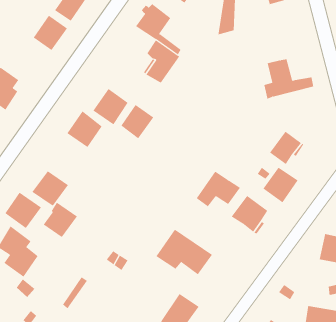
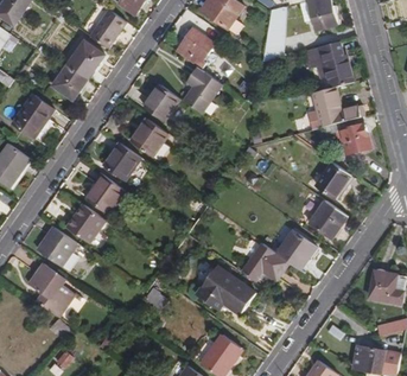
building: none -> [303,42,352,88]
building: none -> [51,64,87,98]
building: none -> [319,116,370,154]
building: [121,104,154,139] -> [144,84,179,121]
building: [196,171,241,207] -> [241,243,288,281]
building: [43,202,78,238] -> [87,173,123,211]

